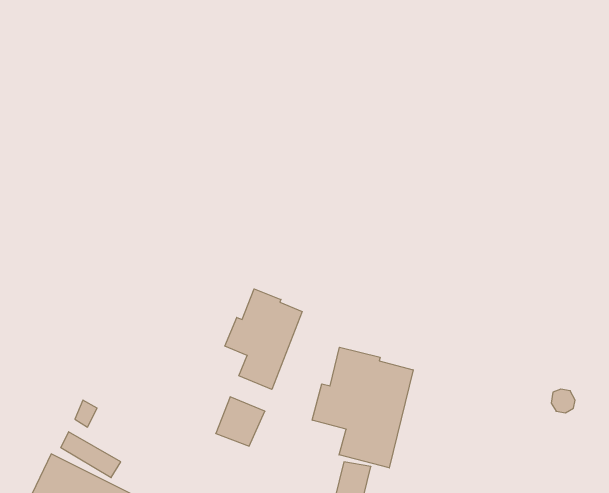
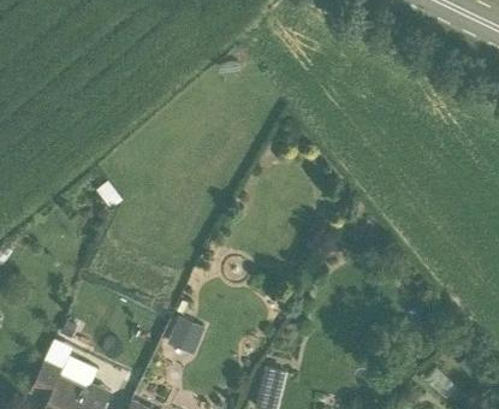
building: [225,289,302,389] -> none
building: [312,347,413,468] -> none

